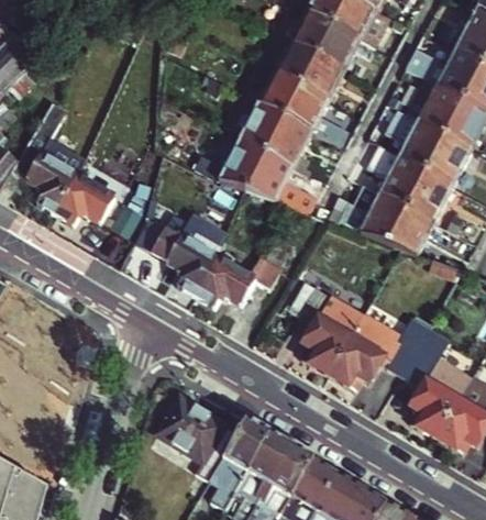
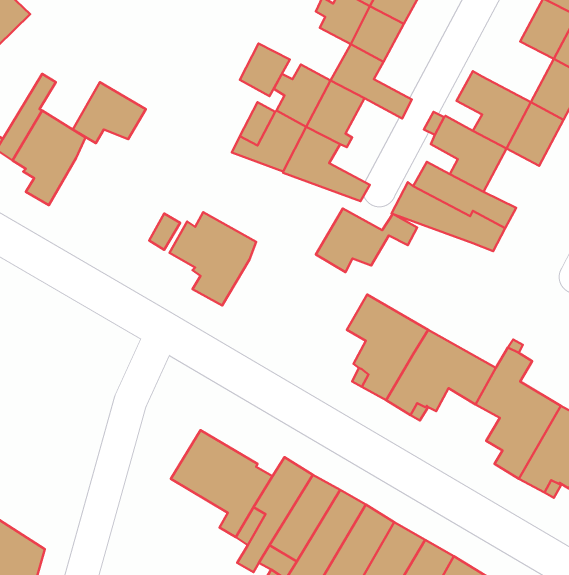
building: [259,70,300,113] -> [240,43,290,96]
building: [407,75,465,131] -> none
building: [408,168,453,217] -> none
building: [55,176,114,225] -> [73,82,146,143]
building: [196,258,278,310] -> [316,209,417,272]

